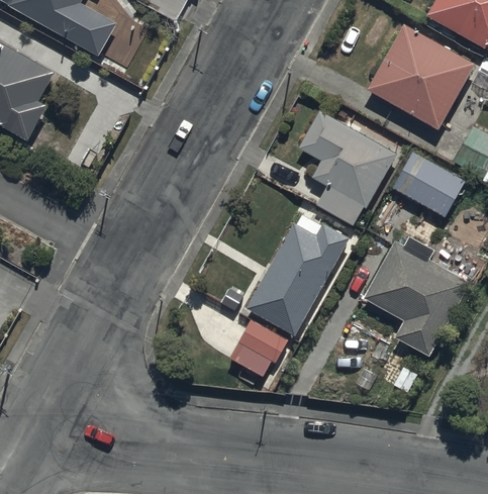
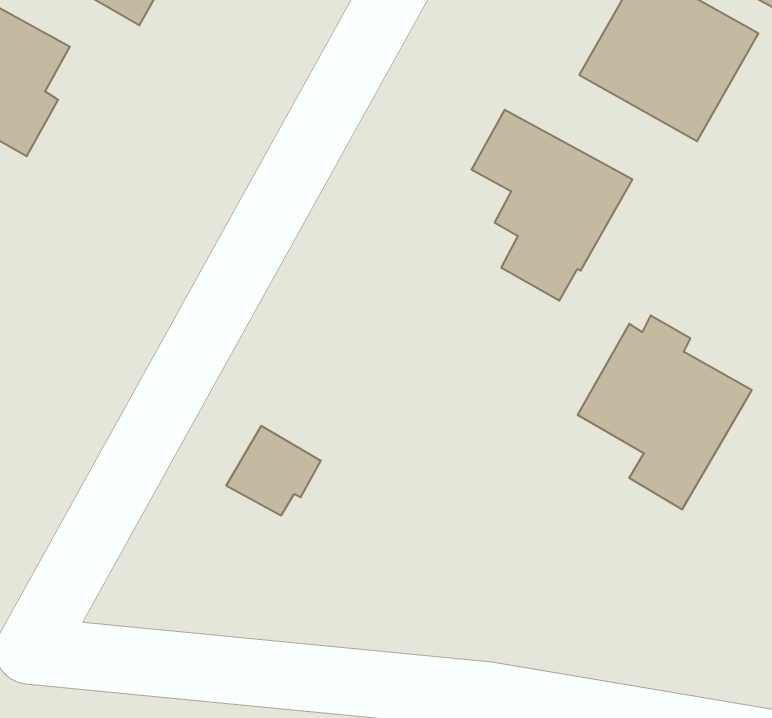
building: [390,151,465,217] -> none
building: [246,222,350,335] -> none
building: [230,320,288,375] -> [226,426,321,515]

